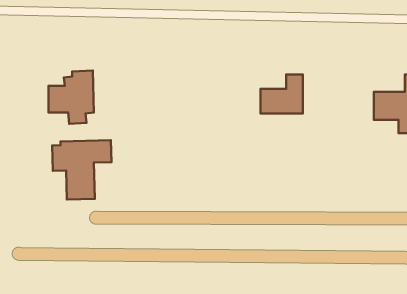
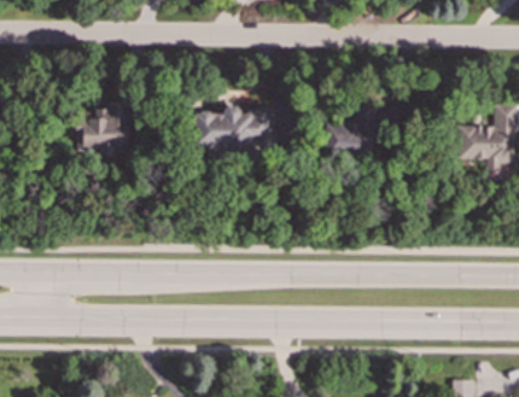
building: none -> [193,104,275,148]
building: [52,140,111,200] -> none

